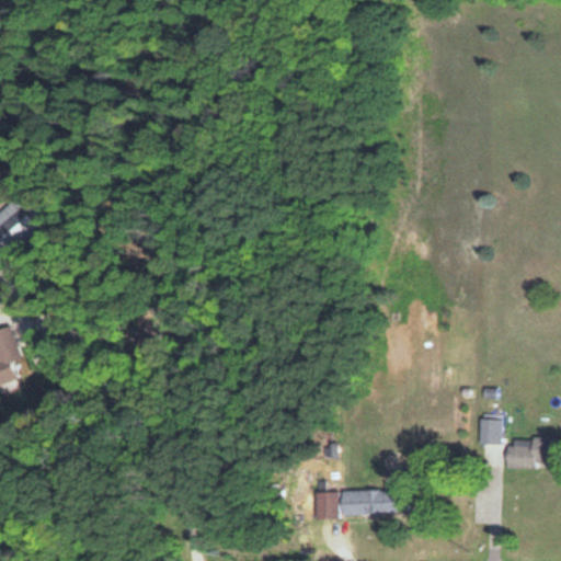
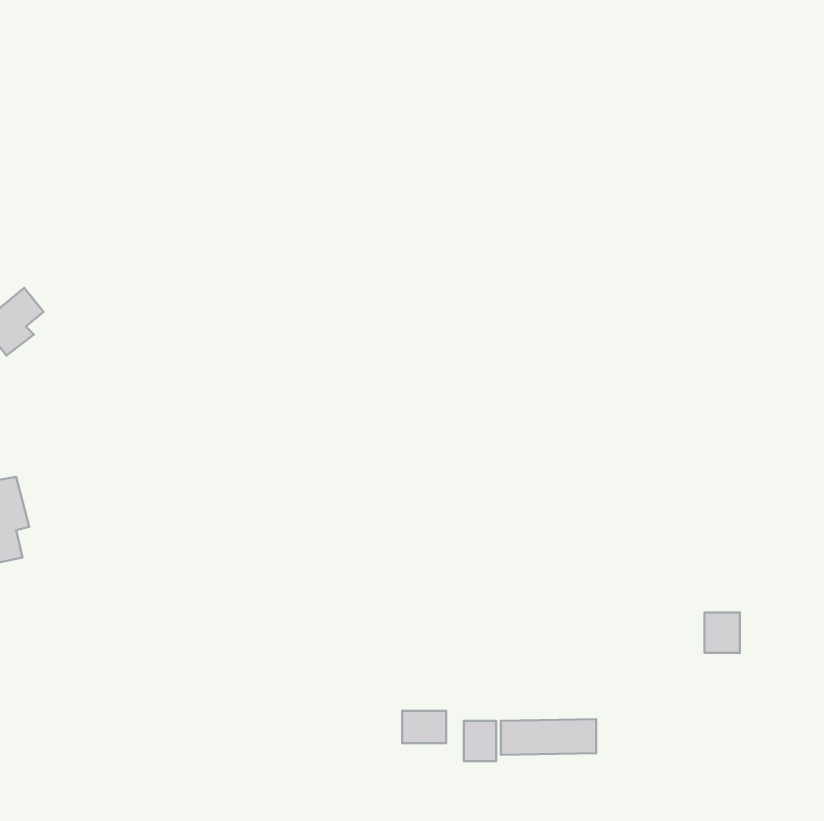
building: [506,438,553,470] -> none
building: none -> [402,711,446,743]

